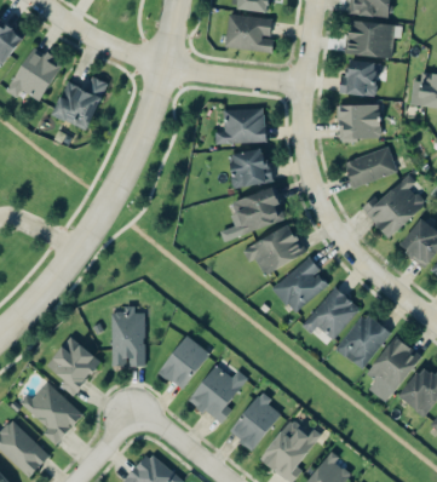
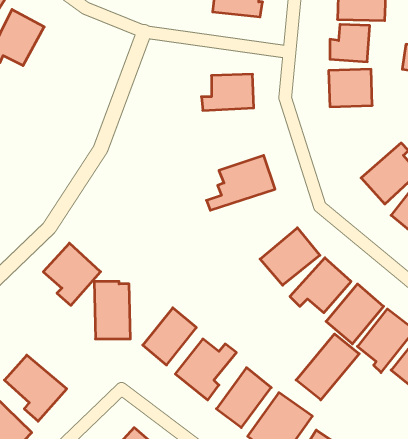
building: [52,75,108,130] -> none
building: [343,145,397,188] -> none
building: [228,148,270,188] -> none
building: [241,223,305,275] -> none
building: [46,335,102,396] -> [43,243,101,305]
building: none -> [296,334,359,400]

